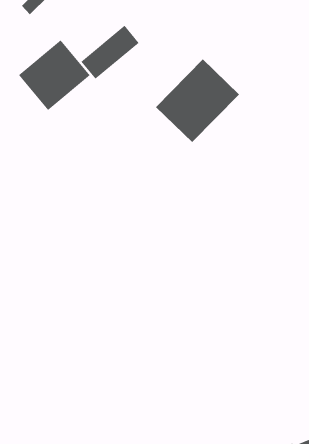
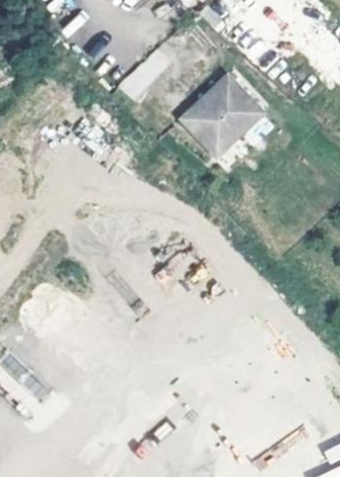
building: [18,39,90,111] -> none

